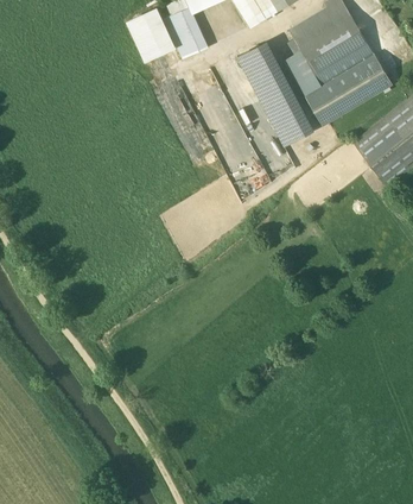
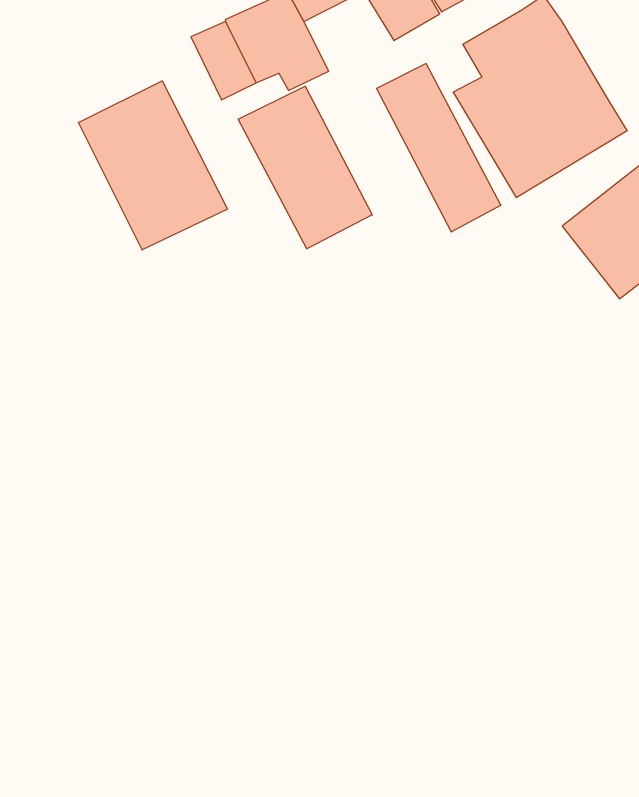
building: none -> [78,81,228,250]
building: none -> [238,86,372,249]

